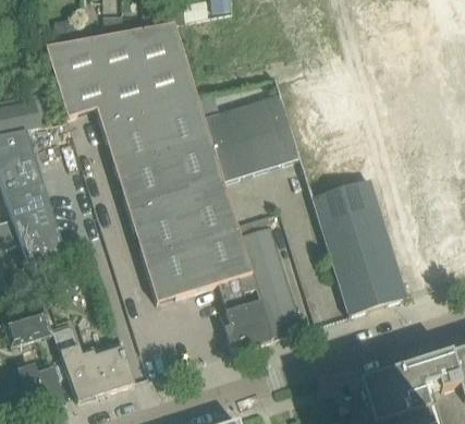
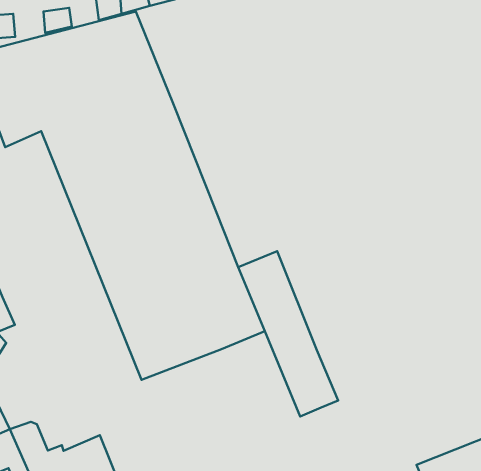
building: [197,92,298,180] -> none
building: [311,180,406,315] -> none
building: [219,272,274,352] -> none

